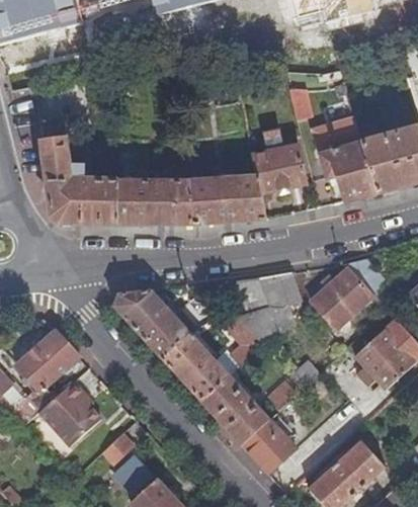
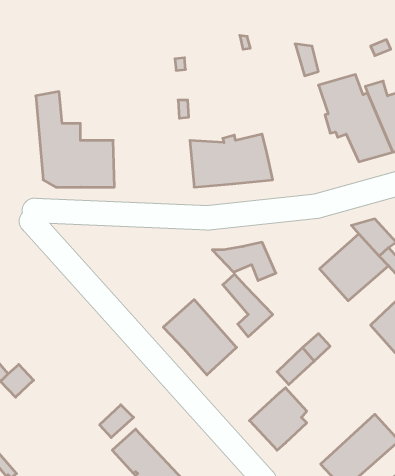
building: [251,126,306,190] -> none
building: [114,180,191,225] -> none
building: [241,271,302,346] -> none
building: [115,289,191,358] -> none
building: [18,328,82,386] -> none
building: [203,377,272,447] -> none
building: [43,378,100,441] -> none

